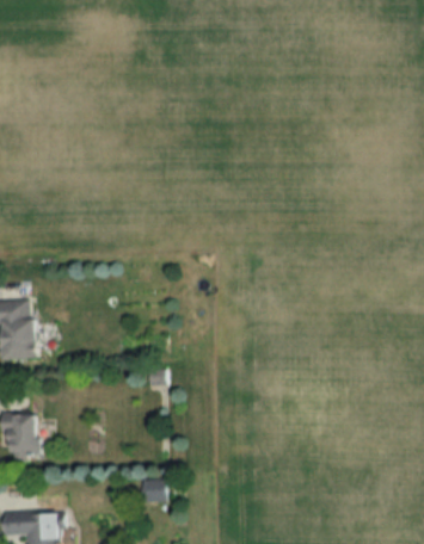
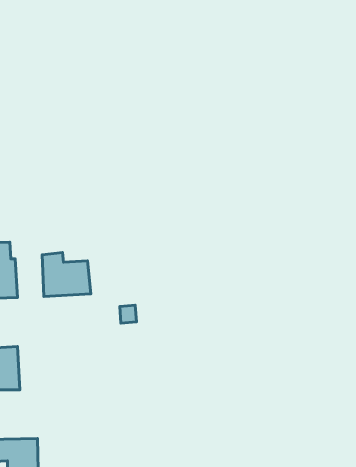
building: none -> [42,253,91,296]
building: [142,480,165,505] -> none

